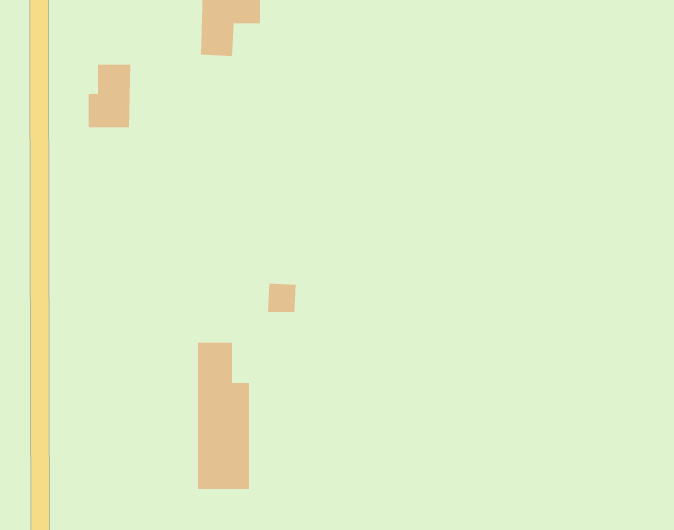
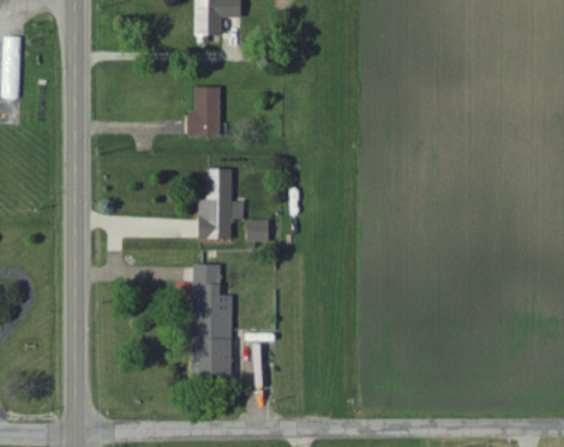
building: [88,64,131,128] -> [186,89,220,138]
building: none -> [198,169,242,240]

